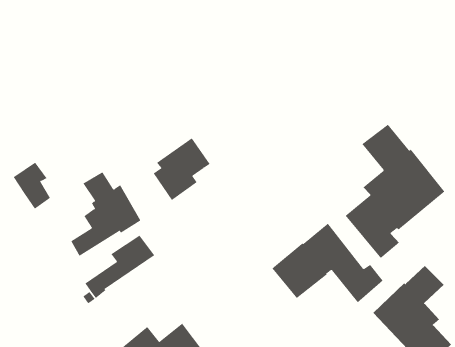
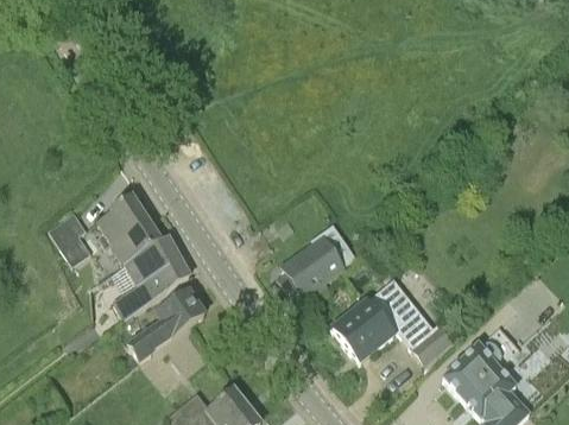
building: [345,124,445,259] -> none
building: [153,138,211,201] -> [280,237,343,306]
building: none -> [99,197,148,264]

